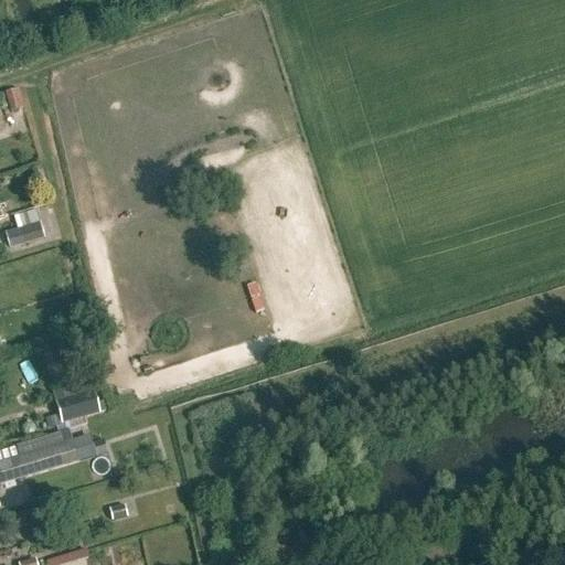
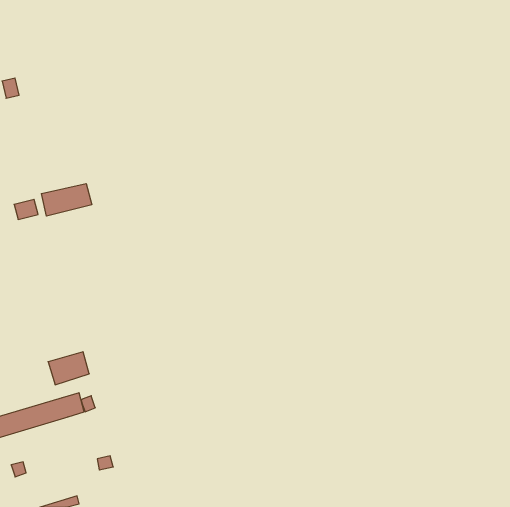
building: none -> [41,184,92,216]

